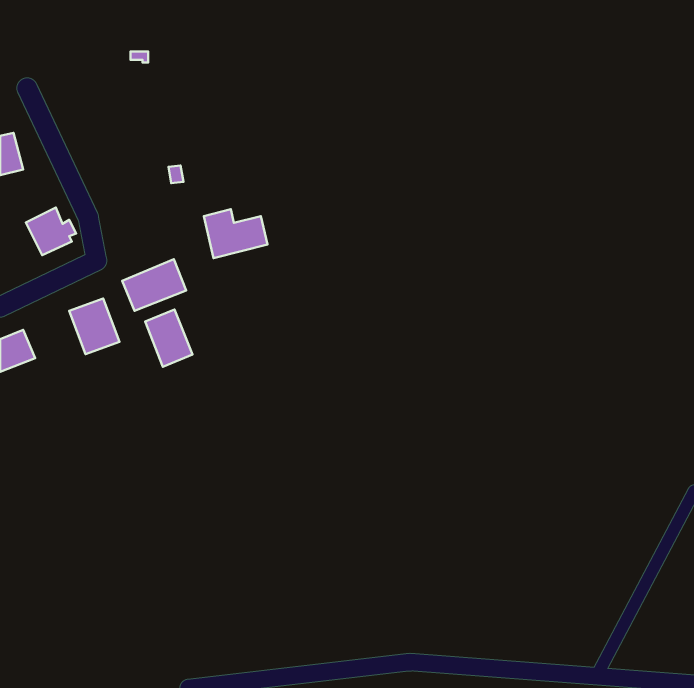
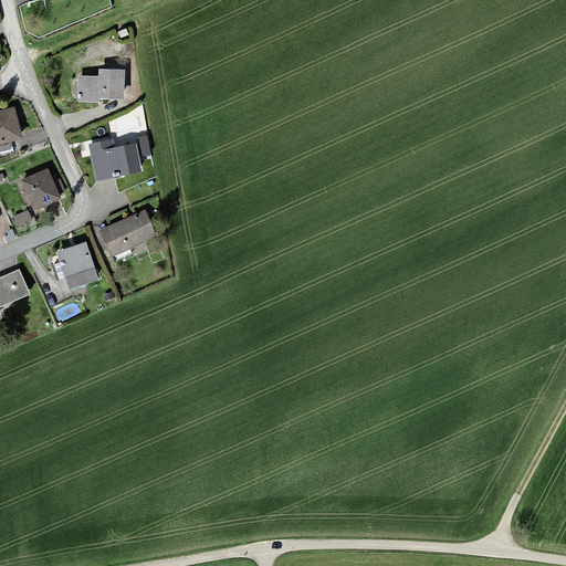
building: none -> [78,70,123,97]
building: [204,209,268,258] -> [87,139,139,179]
building: [145,309,192,367] -> none

